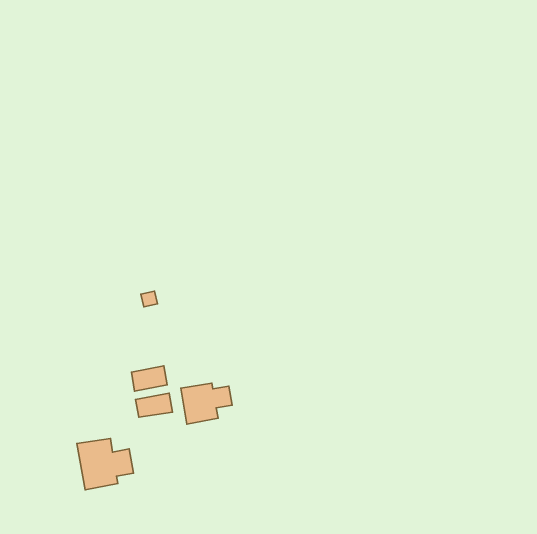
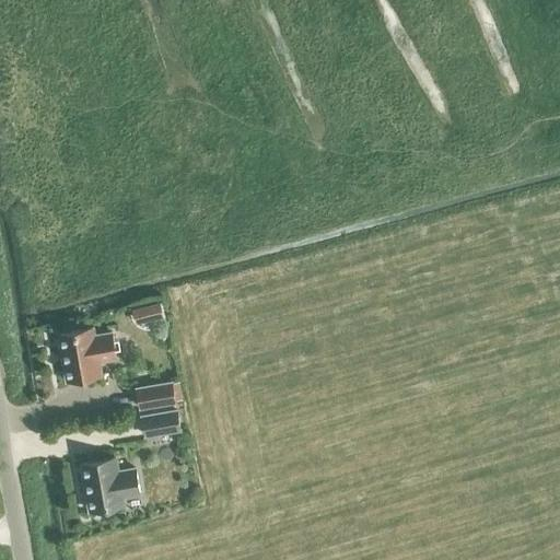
building: none -> [58,329,115,383]
building: [181,383,232,424] -> none

